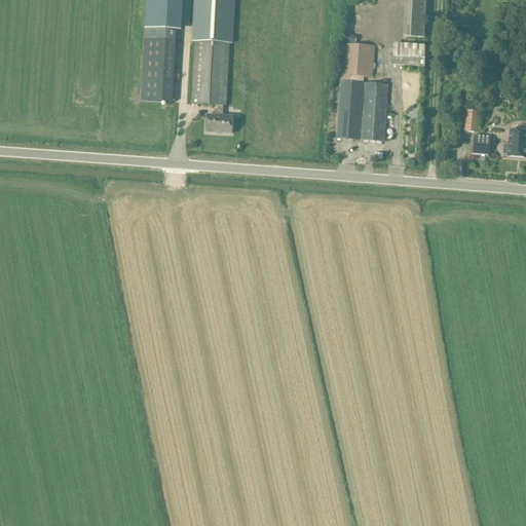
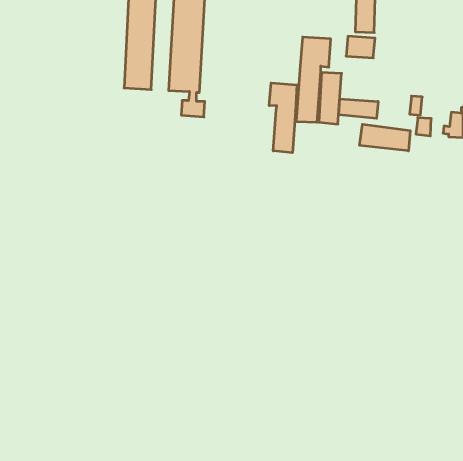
building: none -> [269,83,297,153]
building: none -> [339,99,378,118]
building: none -> [360,124,410,151]

